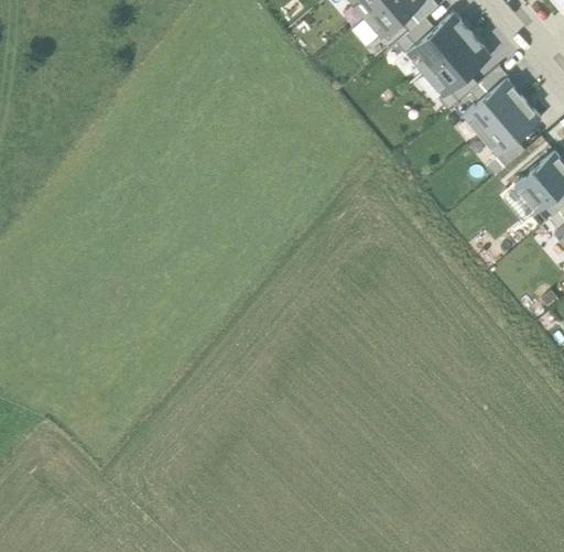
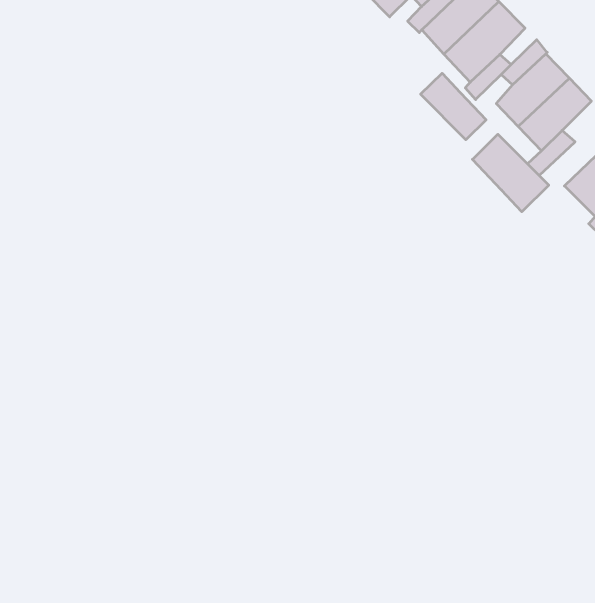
building: none -> [421,73,486,140]
building: none -> [472,134,549,212]

